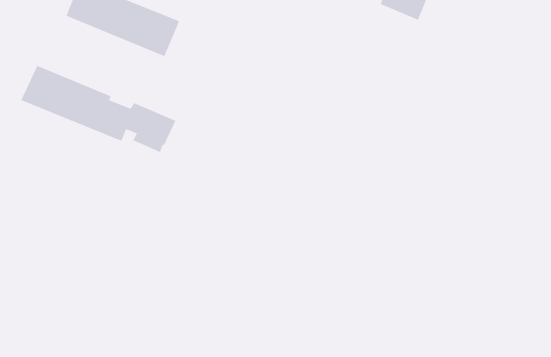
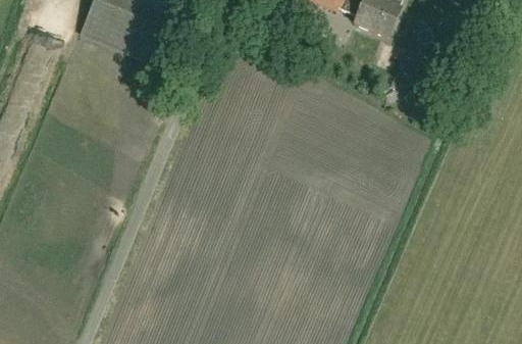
building: [20,65,177,153] -> none

